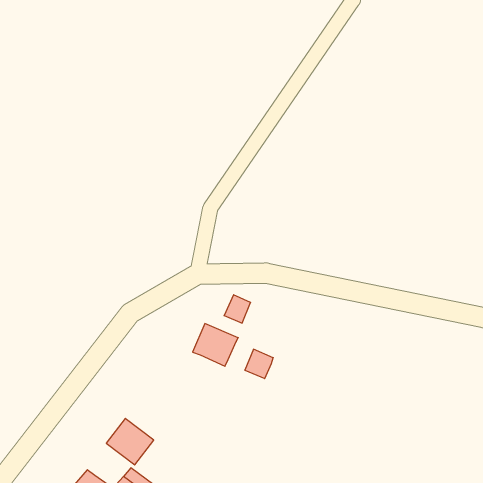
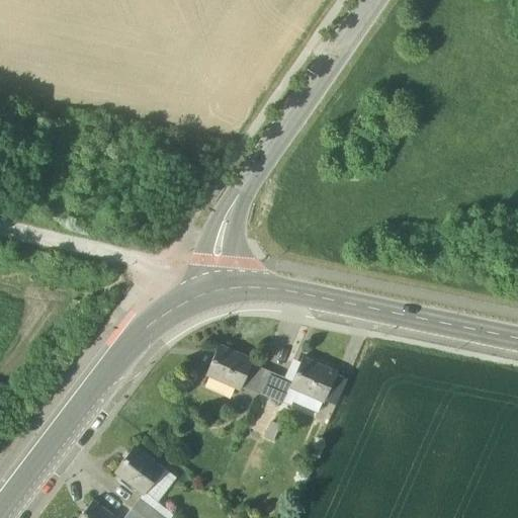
building: [224,295,251,323] -> [244,366,272,397]
building: none -> [291,359,339,405]

